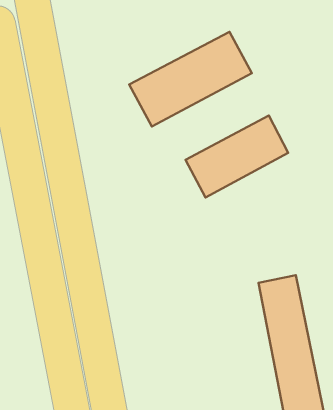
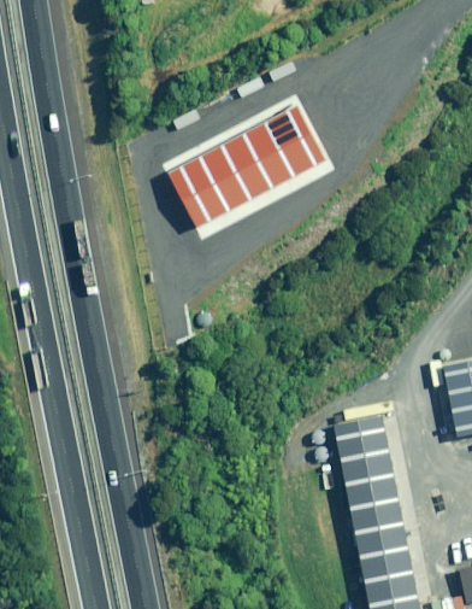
building: [185,115,288,198] -> none

